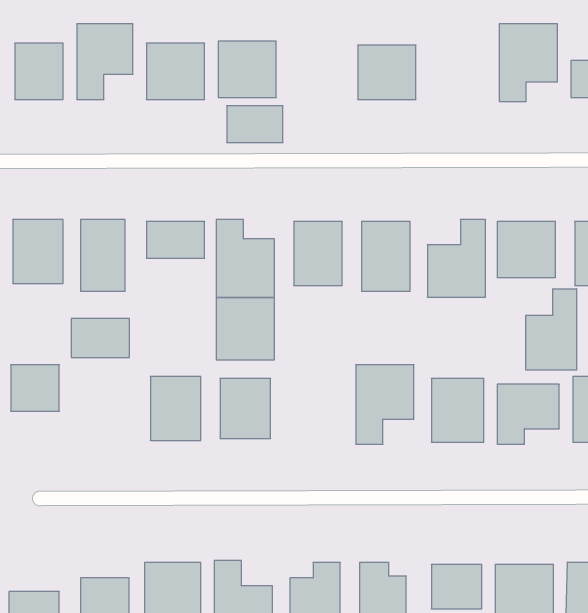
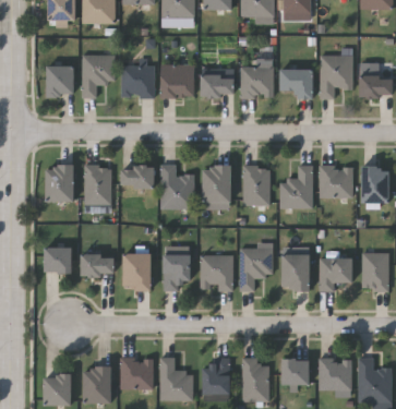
building: none -> [280,69,314,97]
building: [227,106,283,143] -> [202,74,233,95]
building: [526,289,577,370] -> none
building: [216,298,274,360] -> [200,255,232,290]
building: [71,319,129,357] -> [82,254,115,276]

